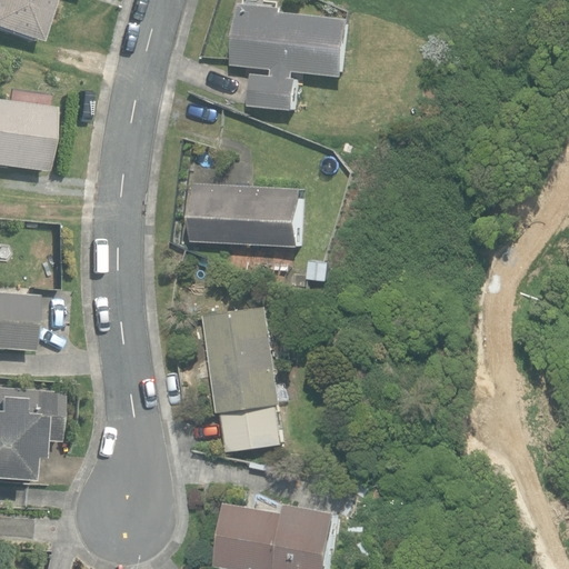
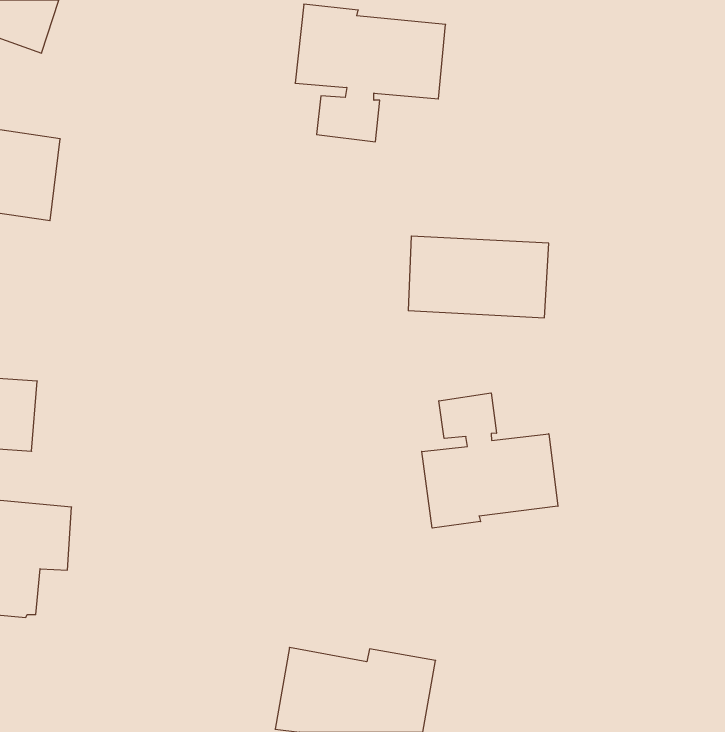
building: [190,183,299,247] -> [408,236,549,318]
building: none -> [422,393,558,528]
building: [202,307,281,452] -> none

